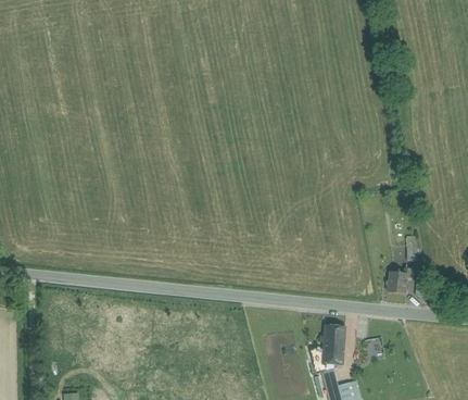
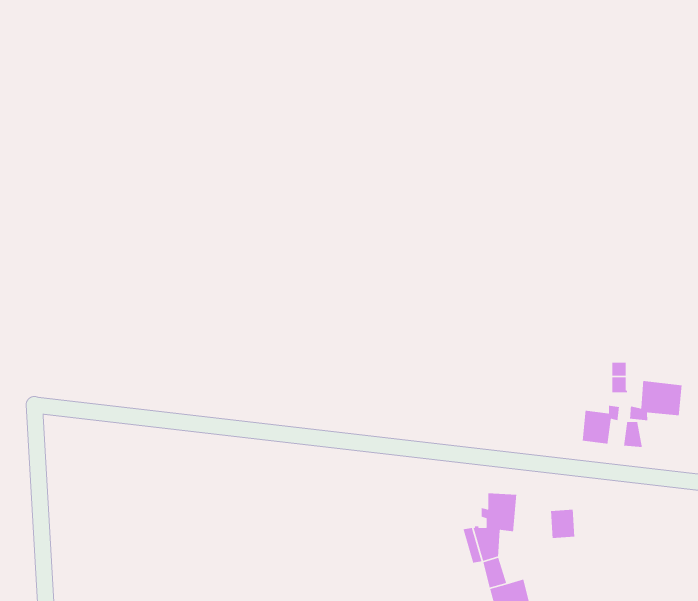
building: none -> [629,380,683,421]

